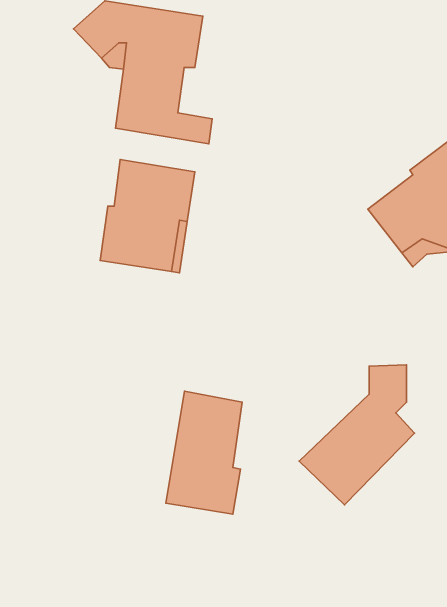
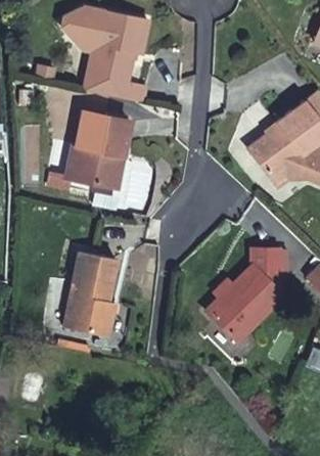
building: [166,391,242,514] -> [64,250,115,331]

